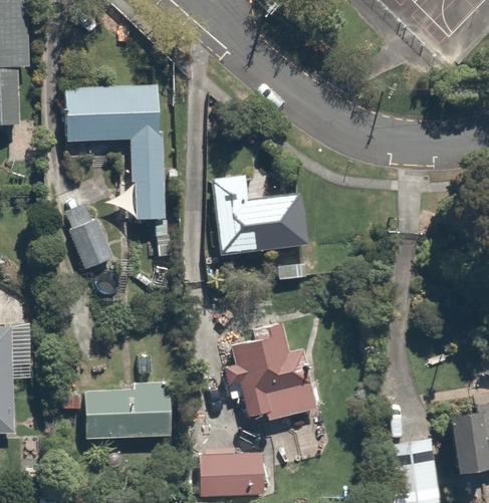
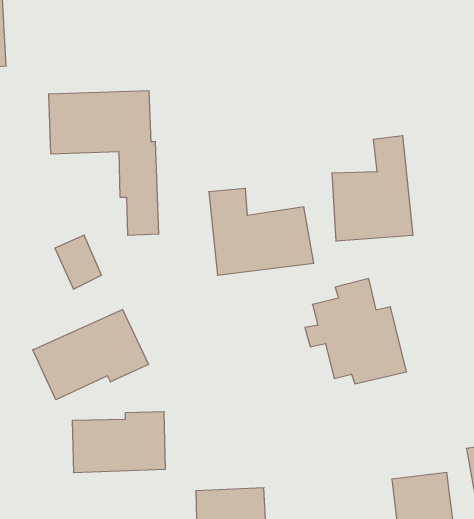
building: none -> [332,135,413,241]
building: none -> [33,310,148,400]
building: [225,322,319,420] -> [305,279,407,384]

